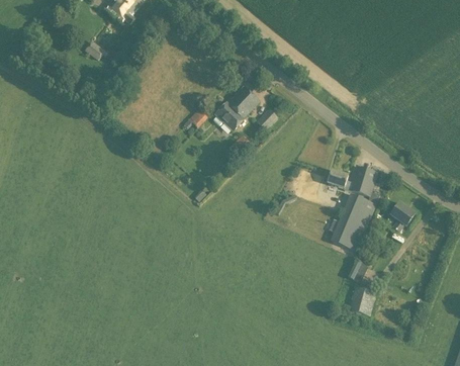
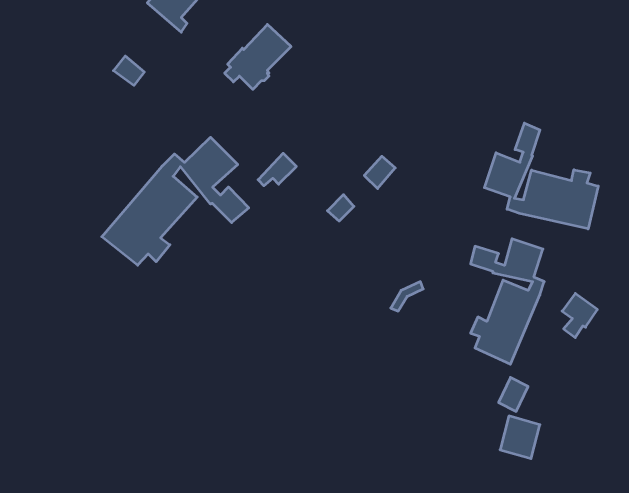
building: none -> [484,123,598,229]
building: [212,86,258,130] -> [225,24,291,89]
building: none -> [102,137,249,265]

